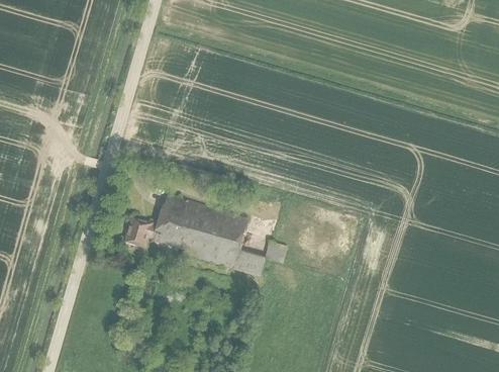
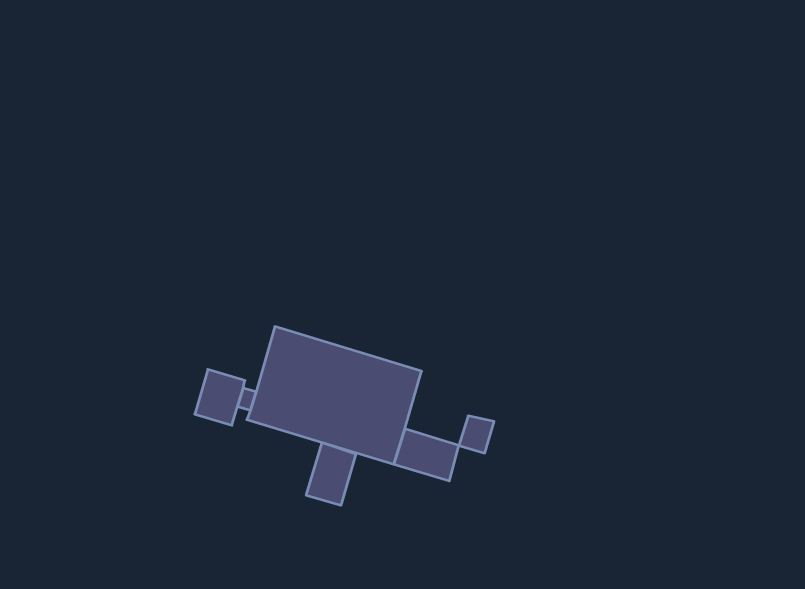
building: none -> [306,443,356,505]

